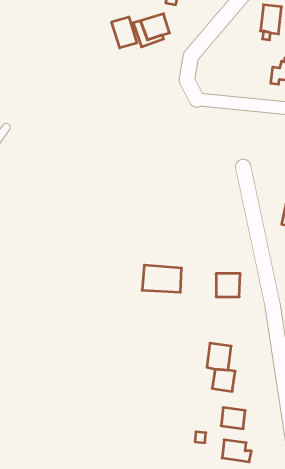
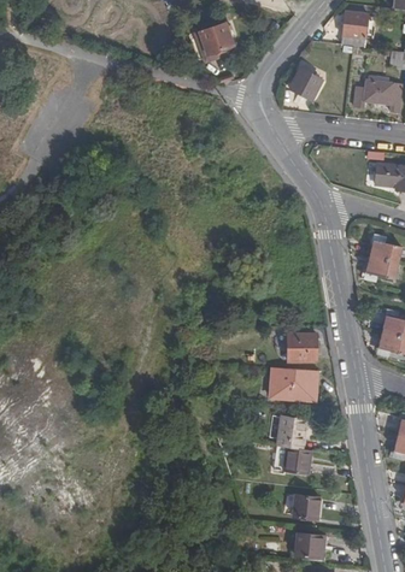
building: [112,17,137,48] -> none
building: none -> [288,67,322,99]
building: [142,265,182,292] -> [270,367,317,400]

